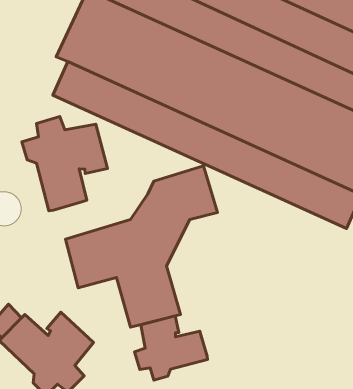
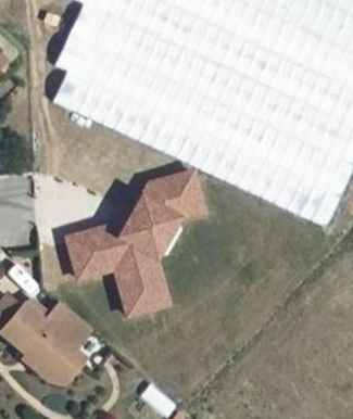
building: [22,116,107,211] -> none
building: [134,316,208,380] -> none

